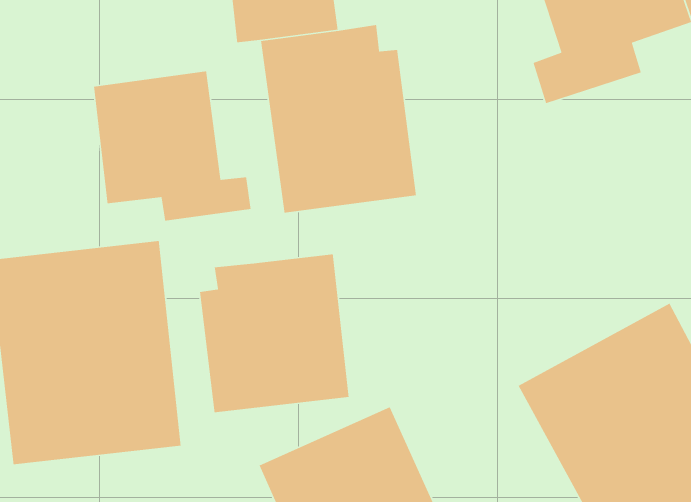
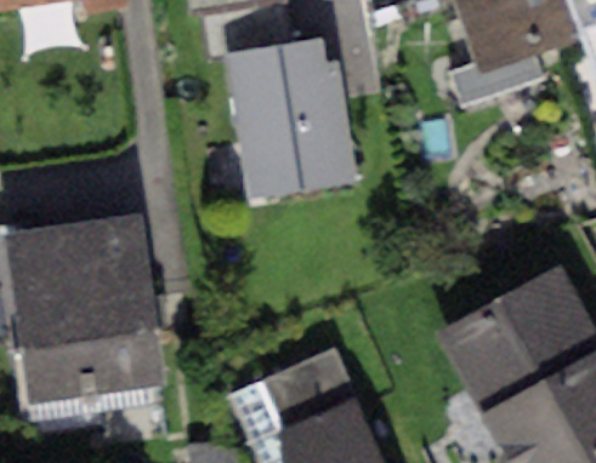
building: [93,70,251,221] -> none
building: [199,254,350,413] -> none

